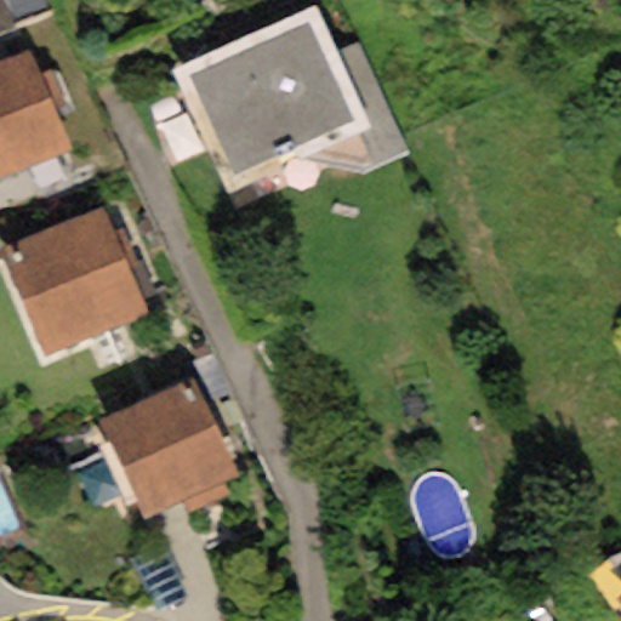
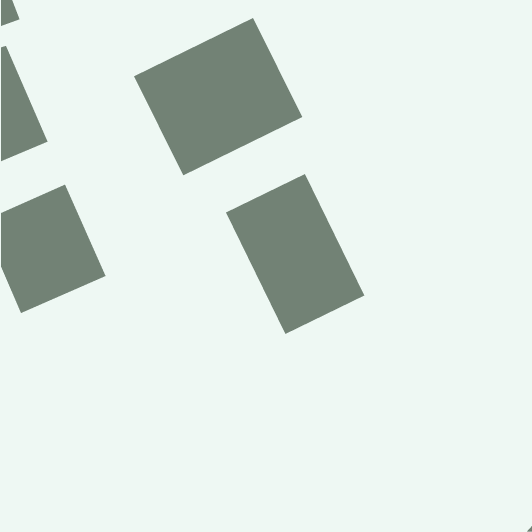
building: none -> [225,173,365,335]
building: [90,384,239,532] -> none

